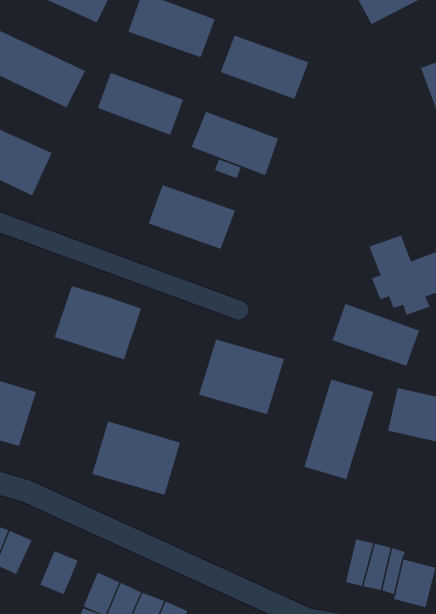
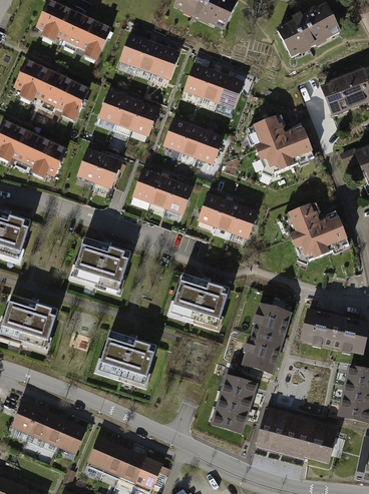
building: none -> [253,117,311,169]
building: none -> [77,147,122,186]
building: [332,303,420,366] -> [198,193,259,237]
building: none -> [212,374,257,433]
building: none -> [257,411,278,445]
building: none -> [42,416,68,447]

